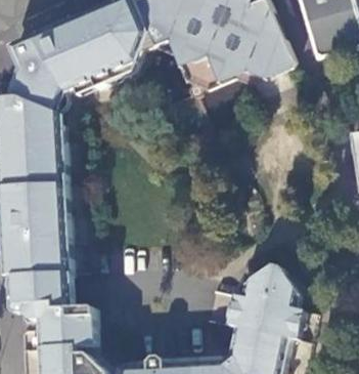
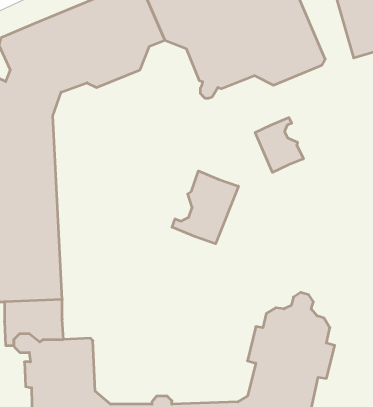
building: none -> [255,118,303,172]
building: none -> [172,171,238,244]

